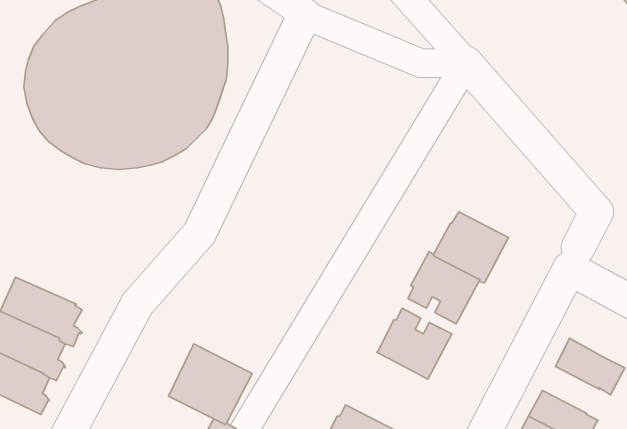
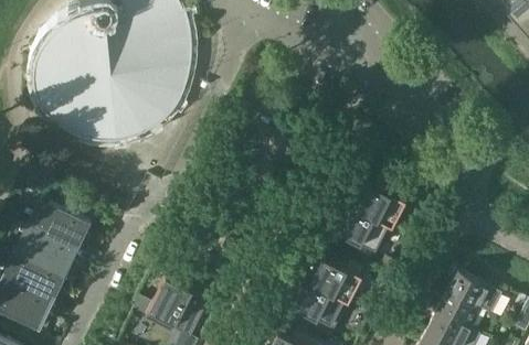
building: none -> [27,196,91,250]
building: none -> [288,278,348,336]
building: none -> [437,292,482,328]

